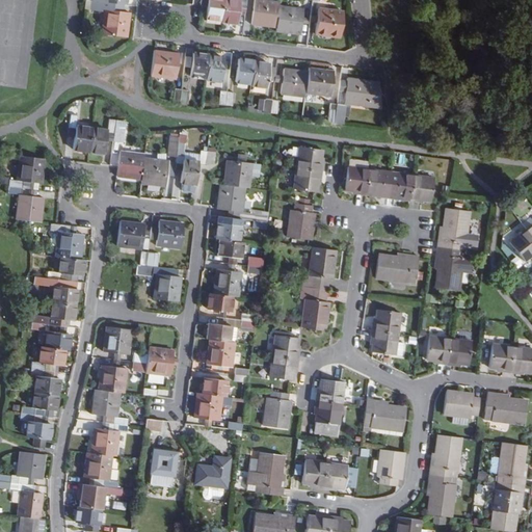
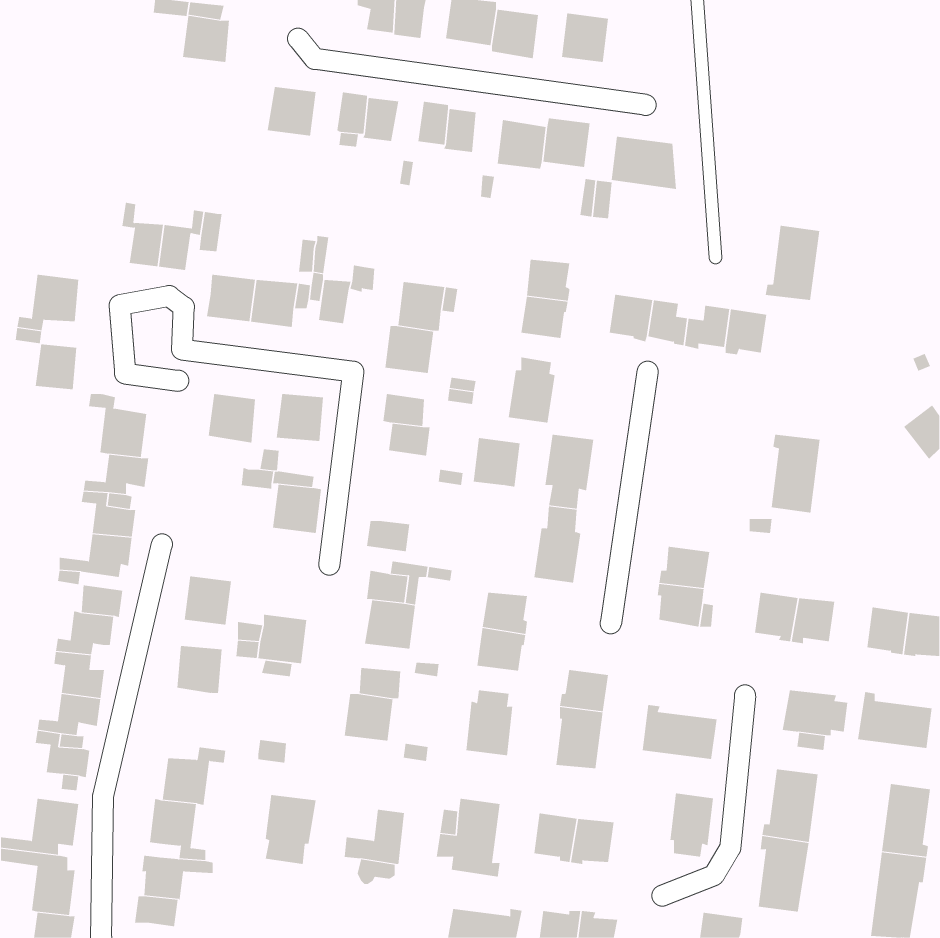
building: [437,206,469,248] -> [765,225,820,301]
building: [375,252,419,282] -> none
building: [214,269,241,297] -> [473,438,521,487]
building: [91,389,128,424] -> none

